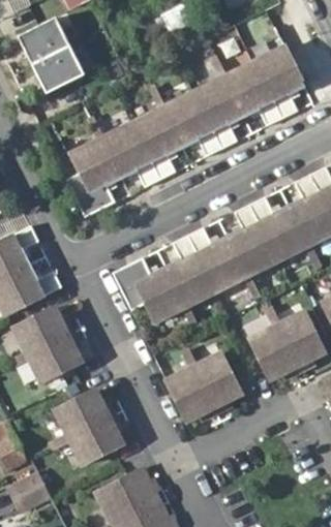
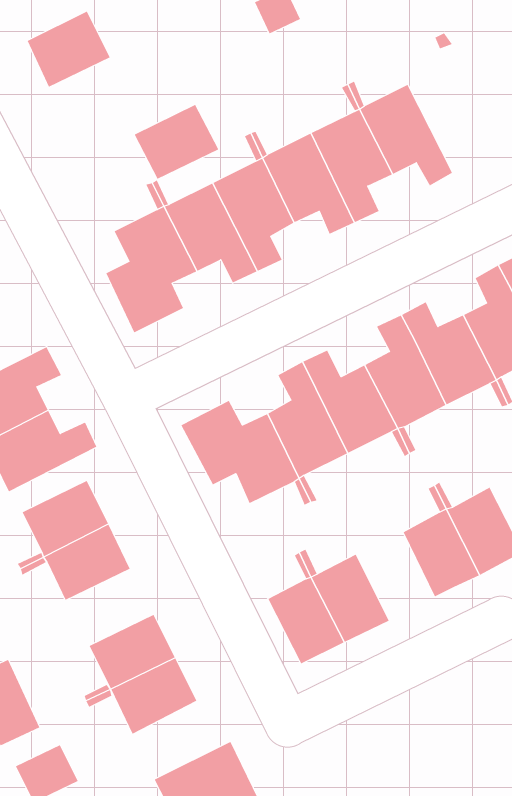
building: [32,45,85,92] -> [134,104,219,179]
building: [254,47,306,117] -> none

